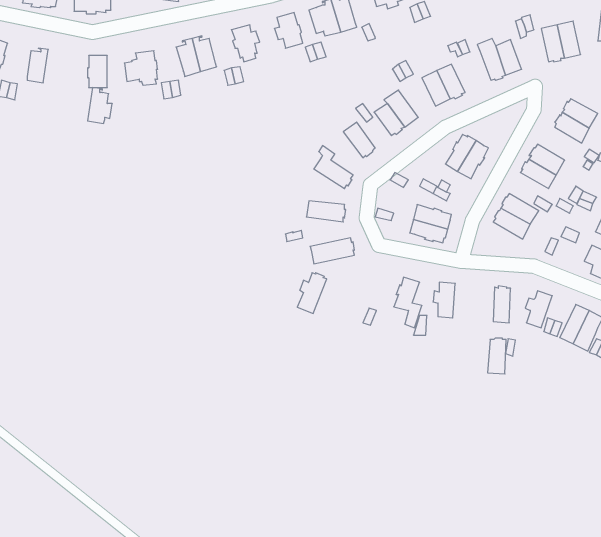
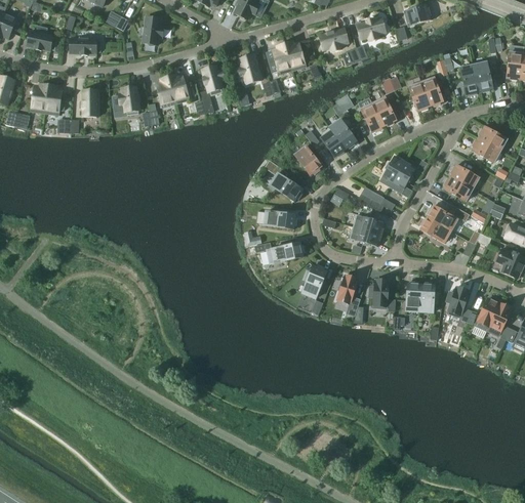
building: [88,88,112,123] -> [44,85,65,115]
building: [297,273,327,313] -> [301,264,326,298]
building: [488,338,506,374] -> [405,282,420,311]

